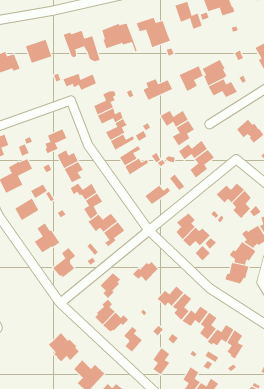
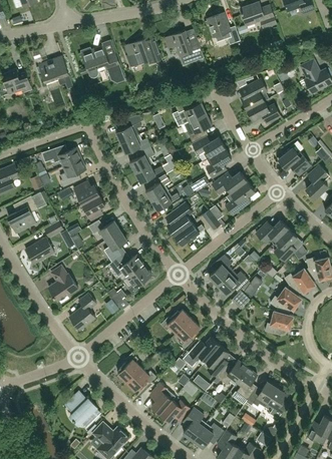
building: [174,65,203,92] -> [178,113,211,143]
building: [63,73,97,91] -> [41,146,80,166]
building: none -> [165,202,192,236]
building: [100,272,121,299] -> [175,319,199,349]
building: none -> [159,400,190,422]
building: none -> [193,423,224,448]

